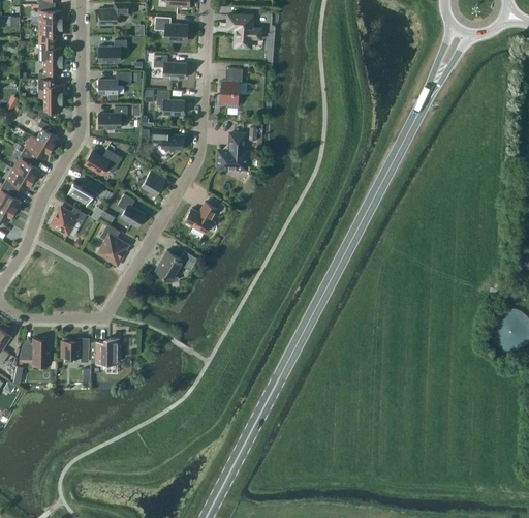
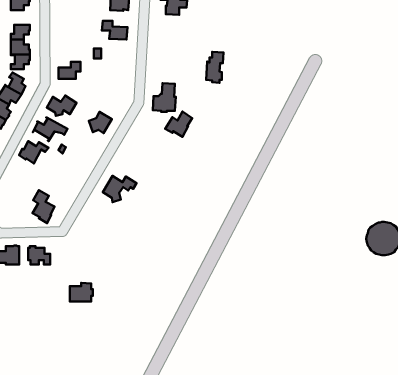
building: [99,40,127,62] -> none
building: [39,41,63,60] -> none
building: [221,68,243,108] -> [206,52,224,83]
building: [99,71,131,100] -> none
building: [157,91,184,115] -> none
building: [153,128,183,152] -> none
building: [118,194,145,227] -> none
building: [183,202,217,234] -> [165,111,192,137]
building: [99,224,127,266] -> [32,190,55,223]
building: [91,339,120,363] -> [70,283,93,302]

